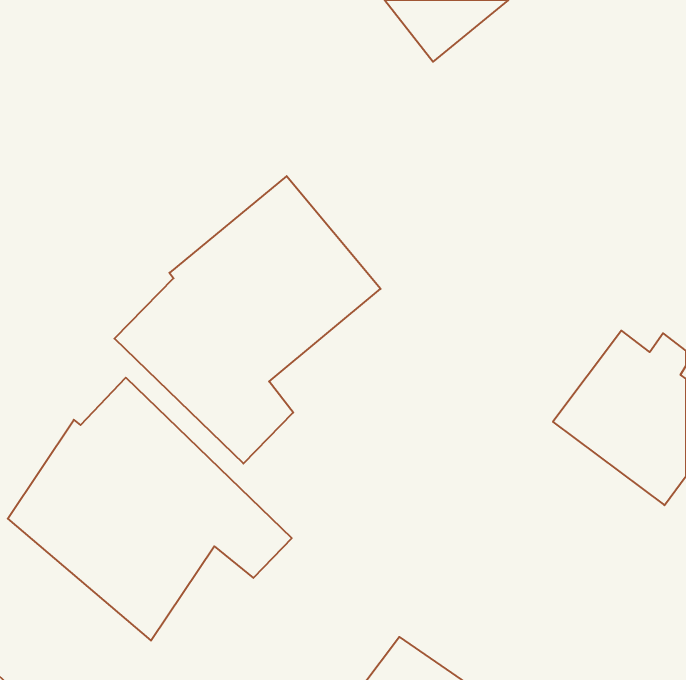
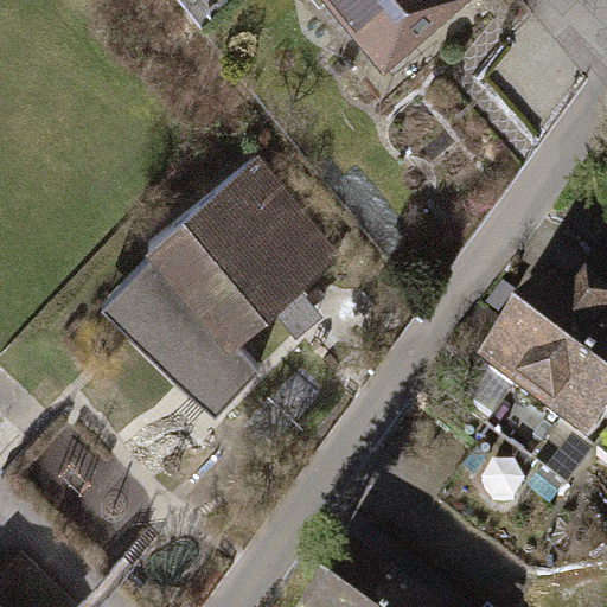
building: [8,378,292,641] -> none

